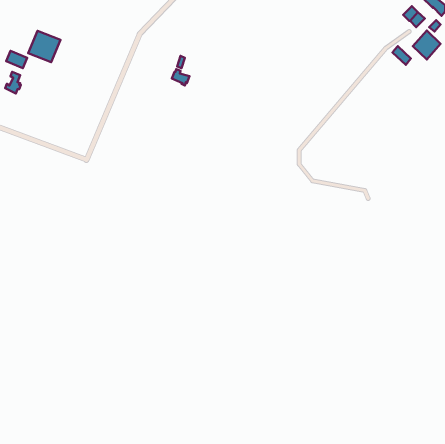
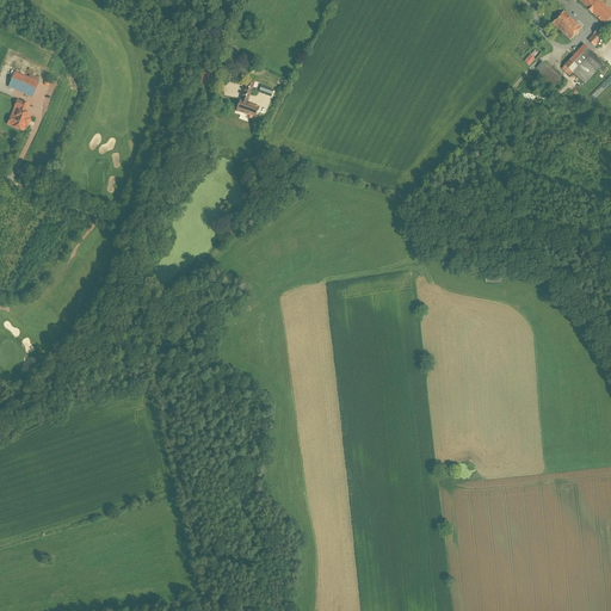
building: [28,31,61,62] -> none

